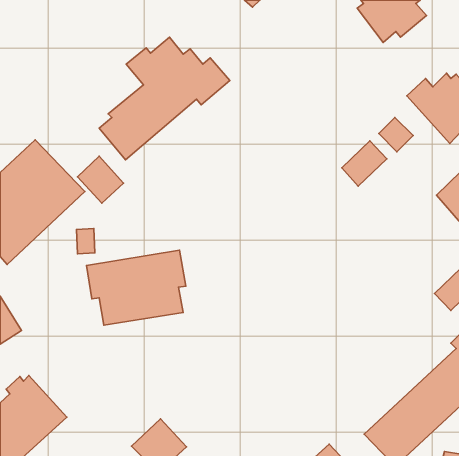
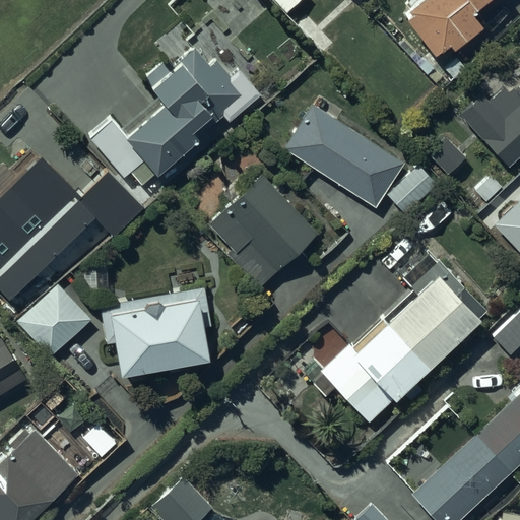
building: none -> [283,105,403,208]
building: none -> [209,175,317,291]
building: none -> [313,253,488,424]
building: none -> [17,285,91,360]

